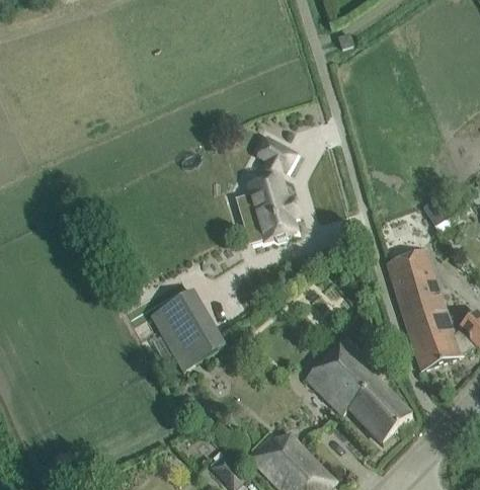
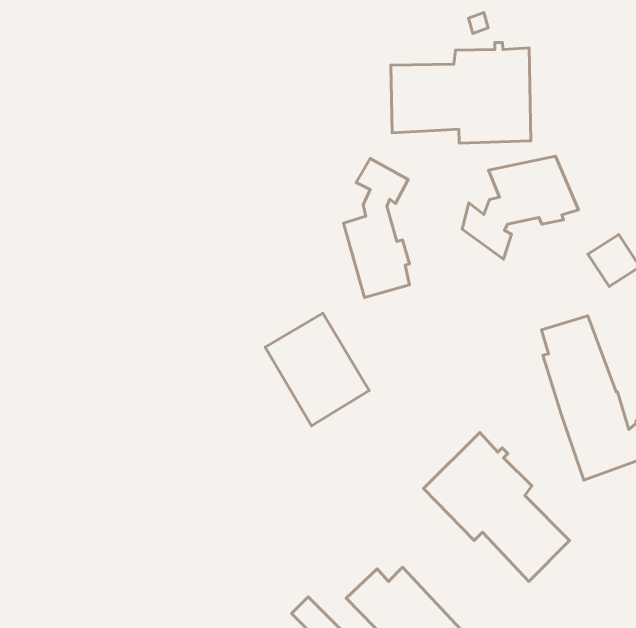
building: none -> [391,42,531,143]
building: none -> [462,156,578,259]
building: [150,289,225,370] -> [265,313,369,426]

